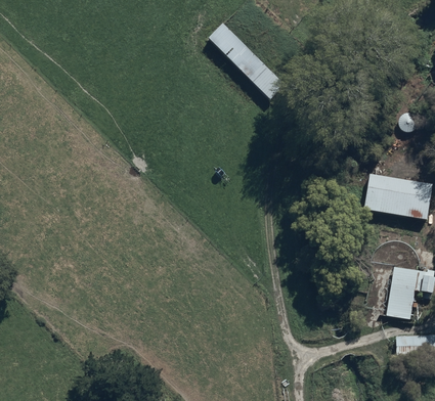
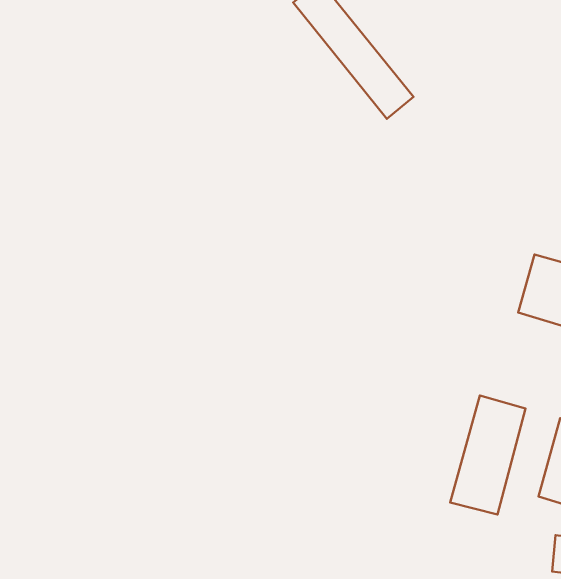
building: none -> [450,396,525,514]

